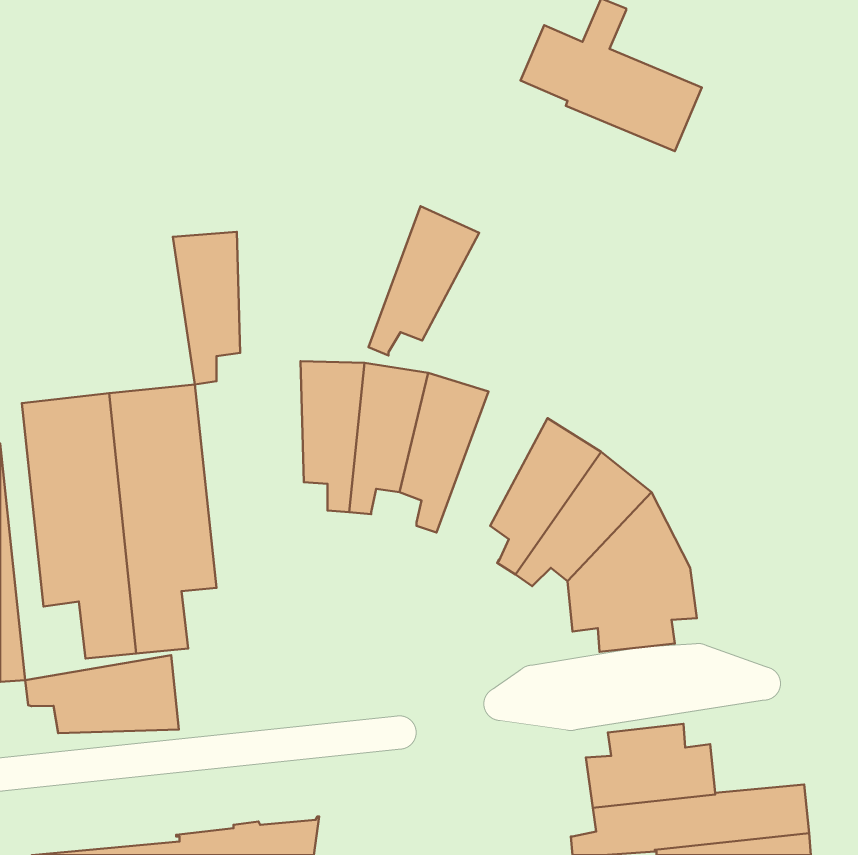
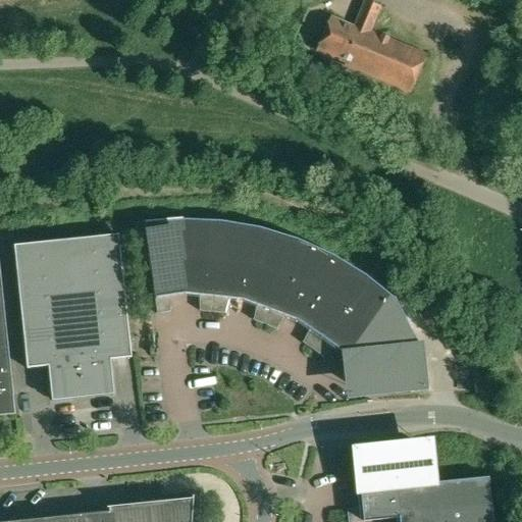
building: [368,206,479,356] -> [265,238,332,328]
building: [173,232,240,385] -> [144,219,185,312]
building: [25,655,179,733] -> none

